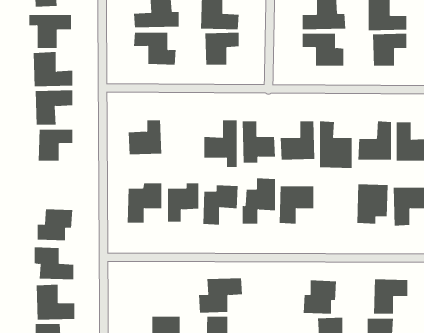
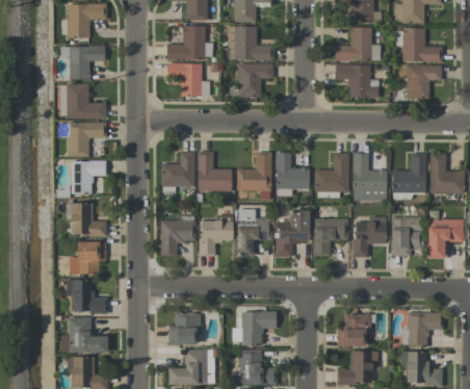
building: none -> [198,152,232,191]
building: none -> [72,203,107,236]
building: none -> [354,217,387,257]
building: none -> [168,312,200,345]

